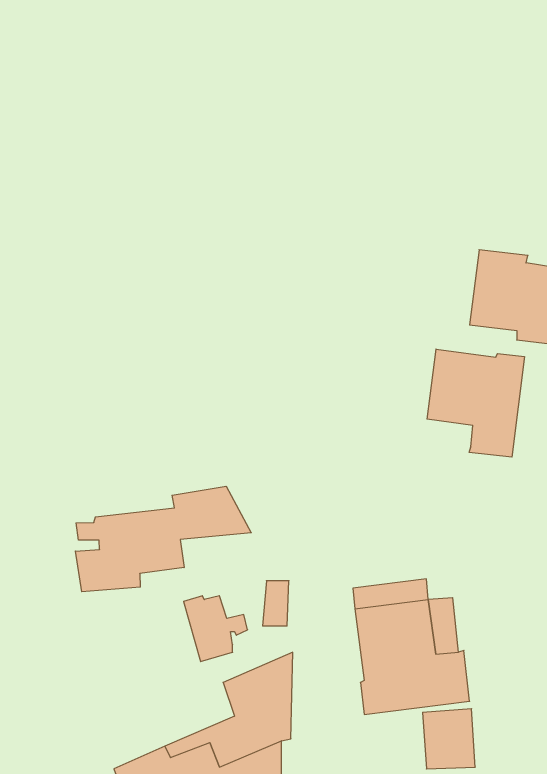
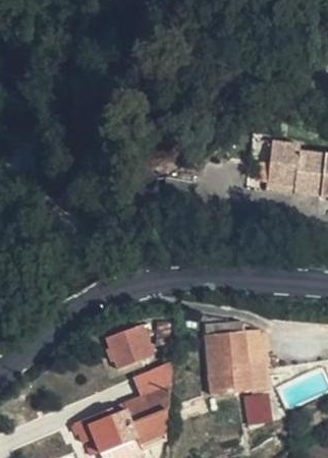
building: [427,349,524,457] -> none
building: [75,486,251,592] -> none

